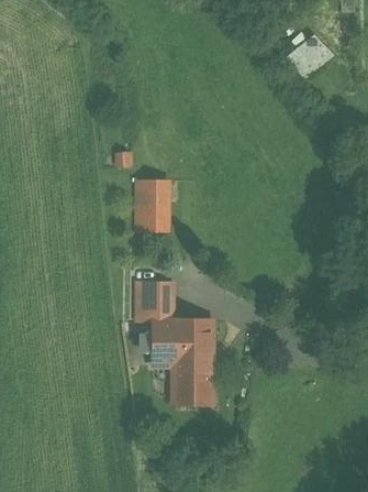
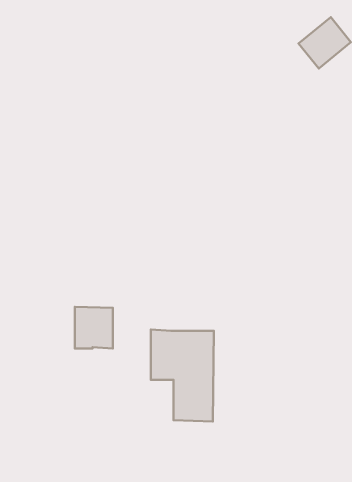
building: [136,178,174,231] -> none
building: [136,282,171,320] -> [75,307,113,348]

